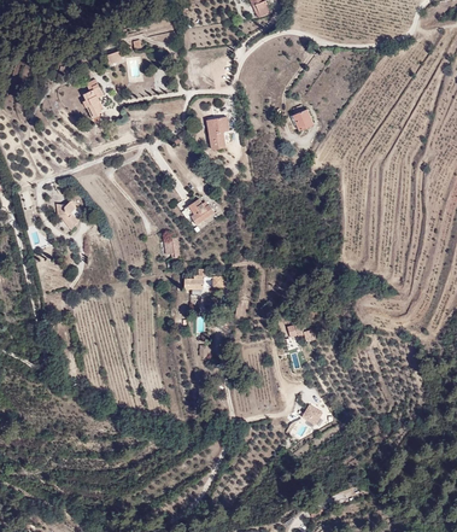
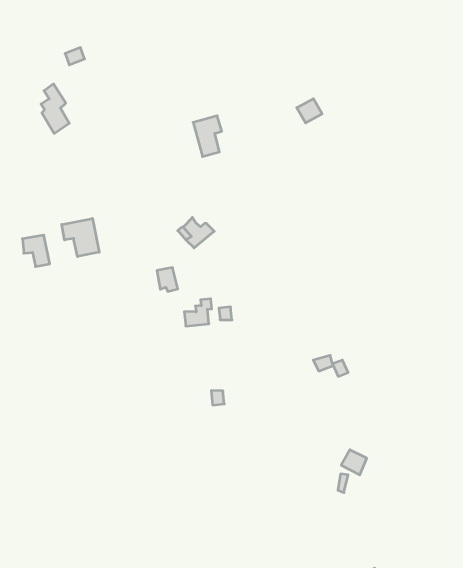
building: none -> [62,218,99,257]

